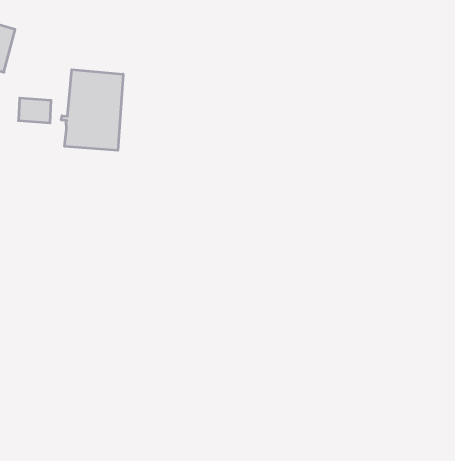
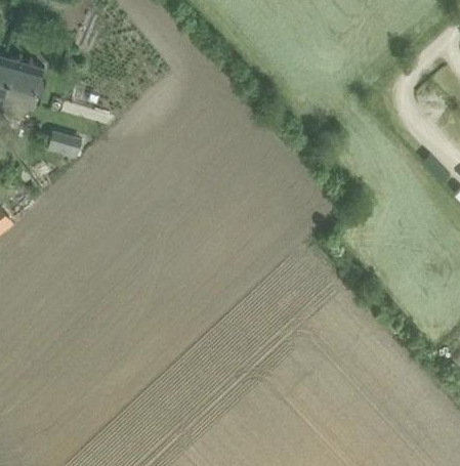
building: [61,70,123,150] -> none

